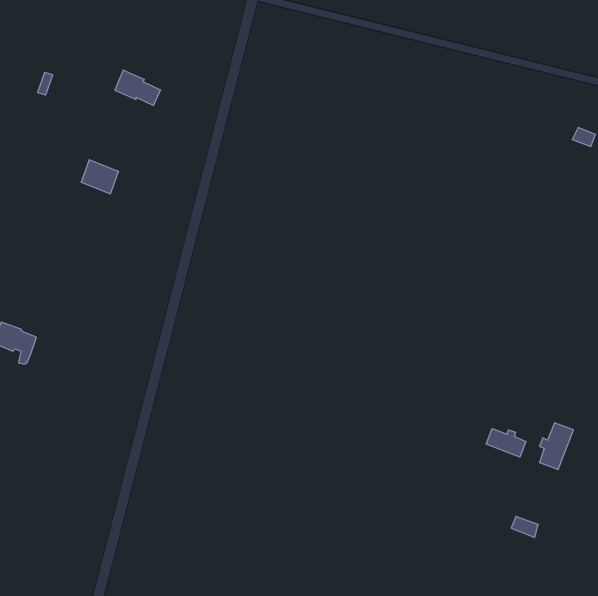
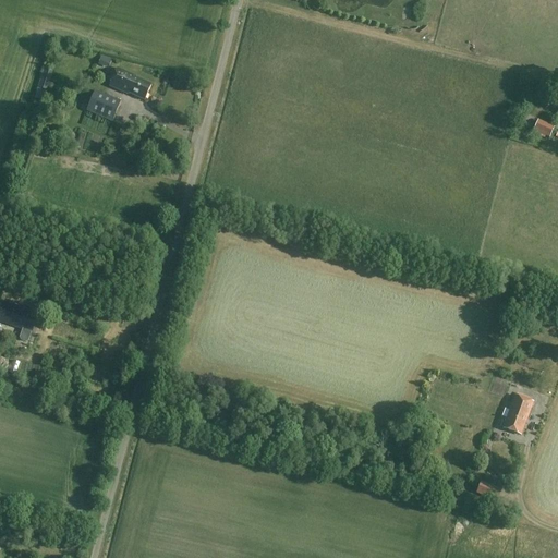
building: [81,160,119,194] -> [85,89,120,121]
building: [486,429,526,457] -> none

